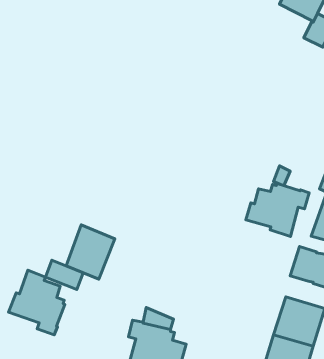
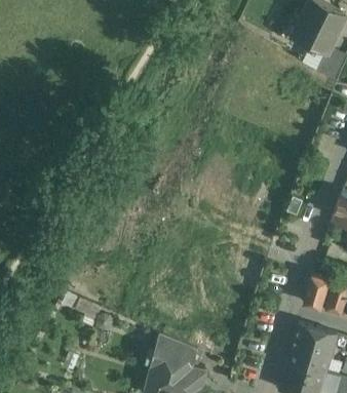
building: [246,184,309,236] -> none
building: [66,225,115,279] -> none
building: [9,270,65,335] -> none

